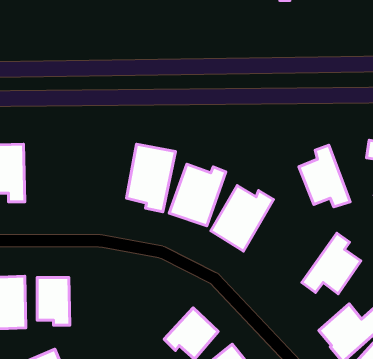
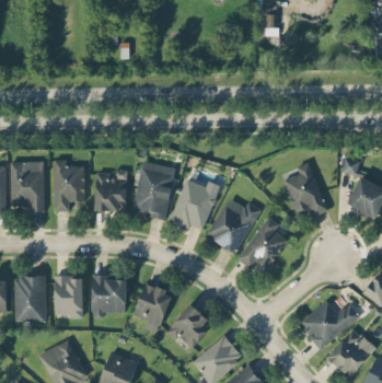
building: none -> [55,160,84,211]
building: none -> [95,170,128,211]
building: [302,233,361,294] -> [238,217,289,269]
building: none -> [93,277,127,318]
building: none -> [134,283,173,334]

